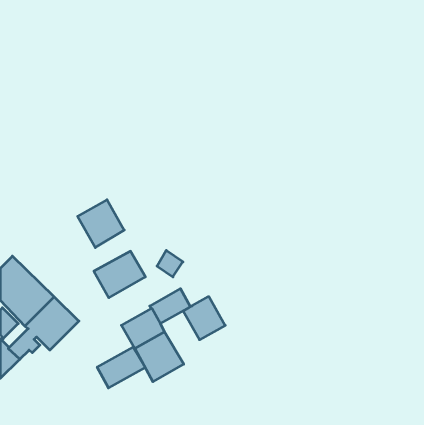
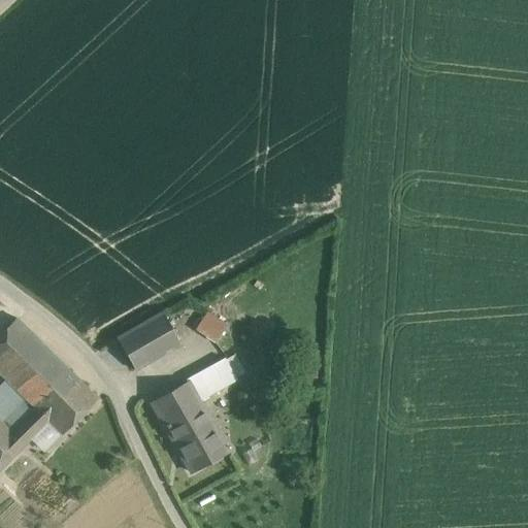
building: [78,200,124,248] -> none
building: [183,297,225,340] -> none
building: [97,347,145,388] -> none

